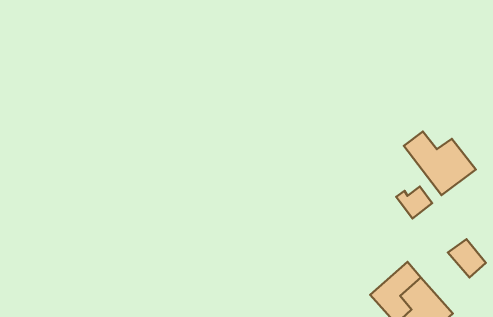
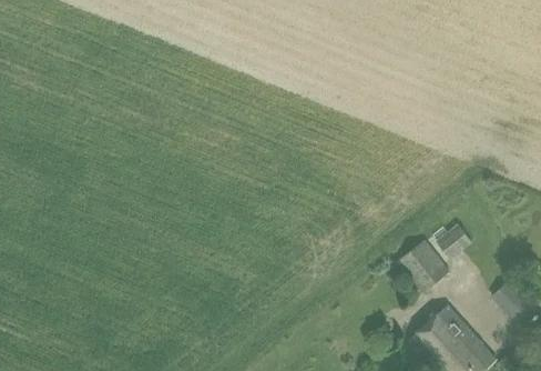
building: [404,131,476,195] -> none
building: none -> [397,239,449,291]

